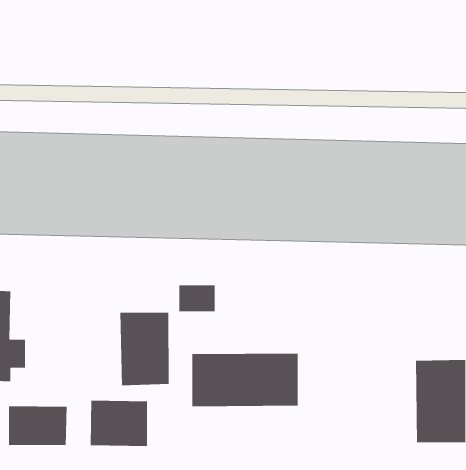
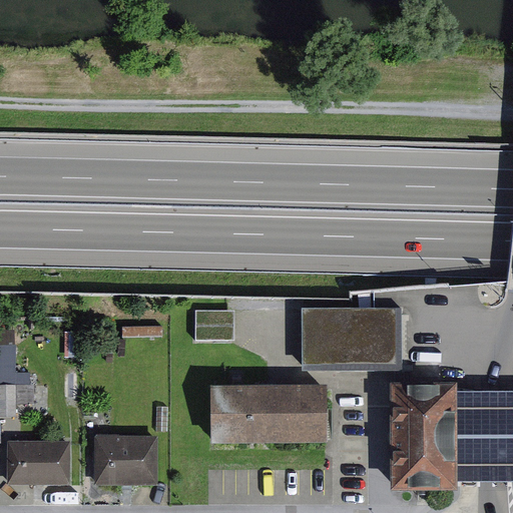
building: none -> [304,307,402,372]
building: [119,312,170,386] -> none
building: none -> [383,382,451,490]

